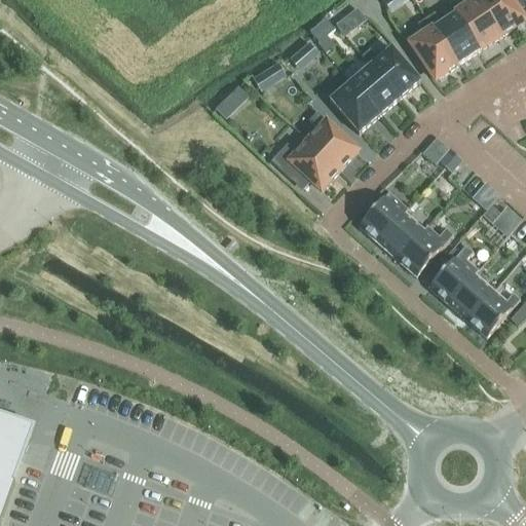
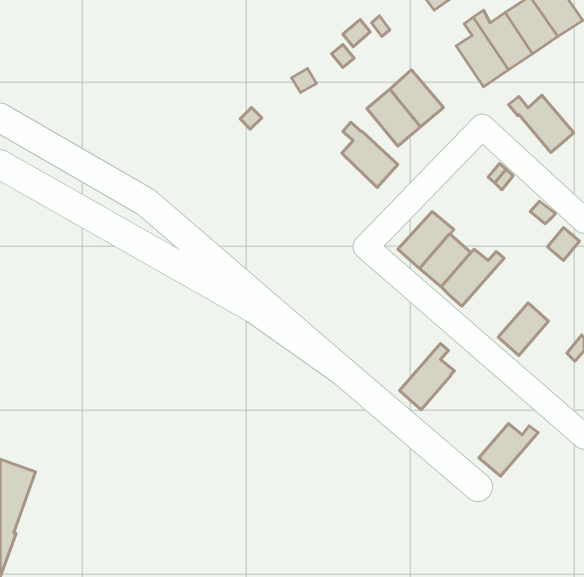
building: [361,45,419,97] -> [509,95,574,152]
building: [270,138,339,188] -> none
building: [428,243,478,303] -> [399,343,454,410]
building: [466,289,520,336] -> [479,423,538,476]

